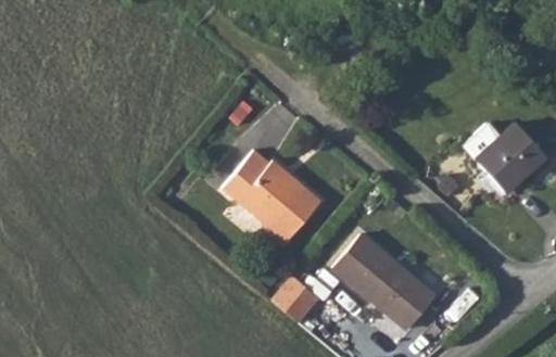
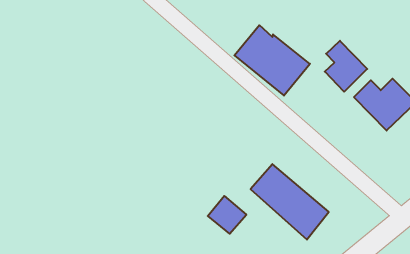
building: none -> [325,41,367,92]
building: [218,145,316,237] -> [234,25,310,96]

